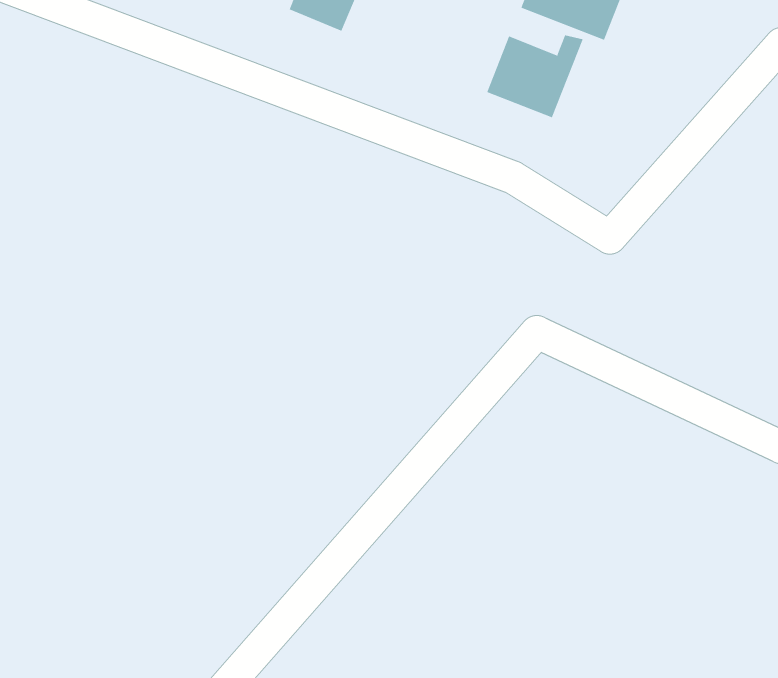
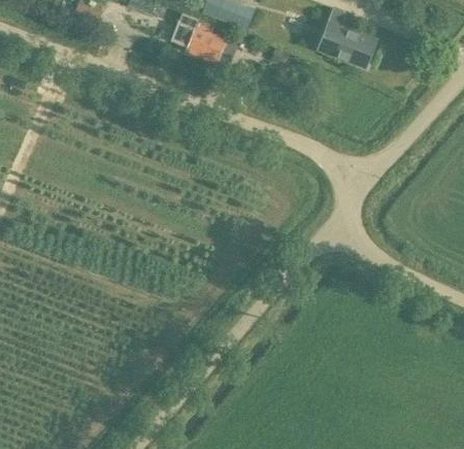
building: [487,34,583,118] -> none

